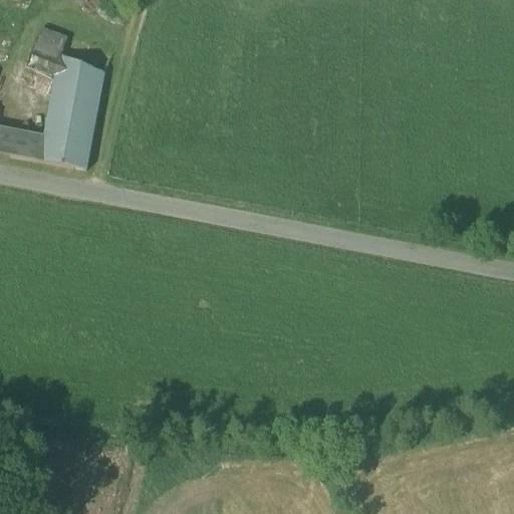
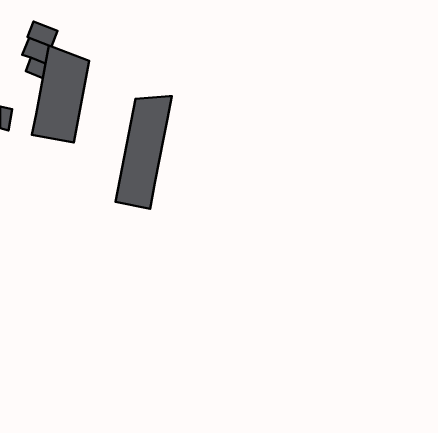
building: none -> [115,96,172,209]
building: [11,127,43,158] -> none

